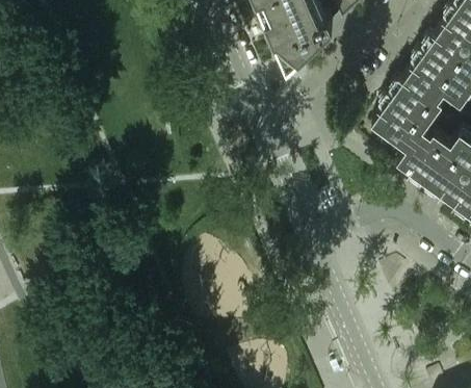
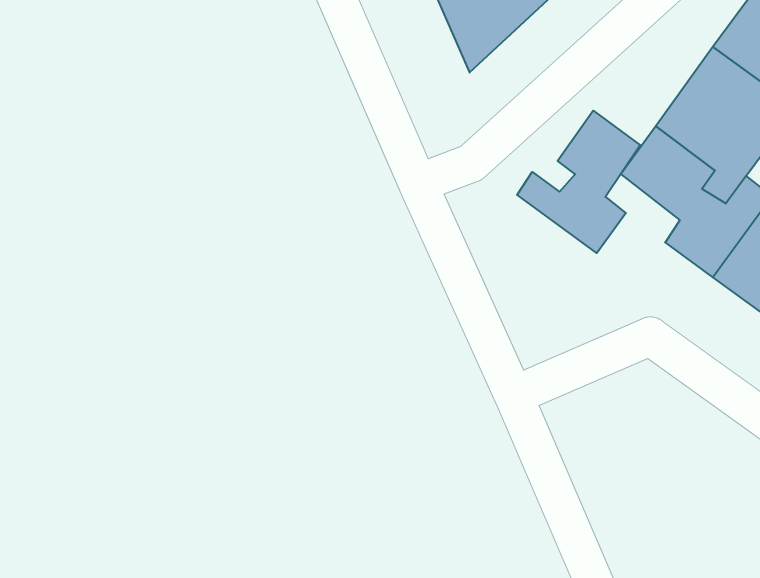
building: none -> [517,111,640,253]

